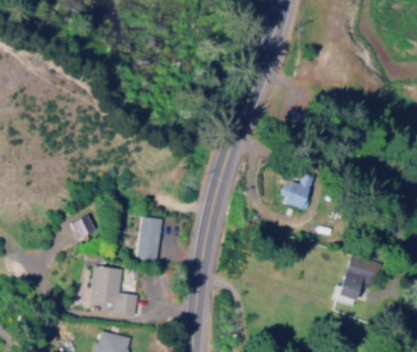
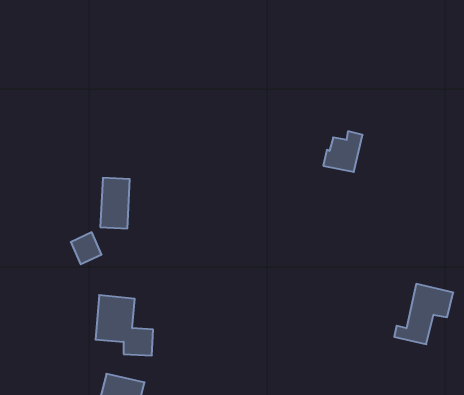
building: [281,176,313,209] -> [323,131,363,172]
building: [137,217,161,258] -> [100,178,130,228]

